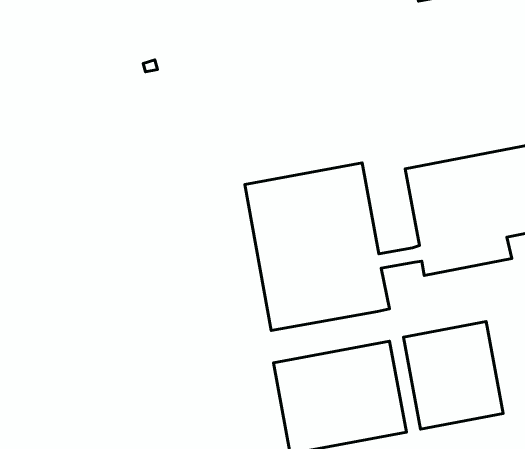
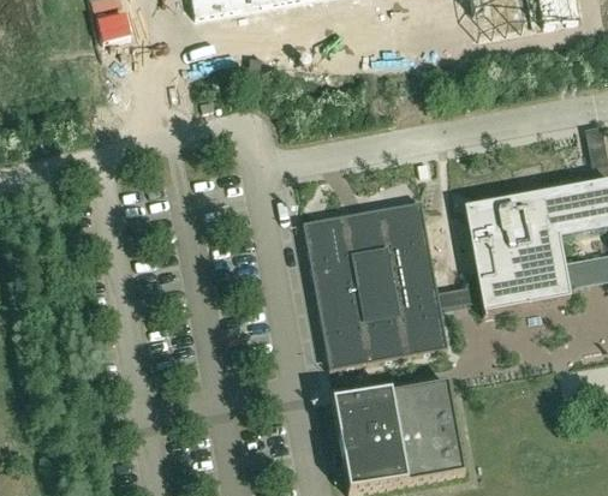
building: [403,322,503,429] -> none

